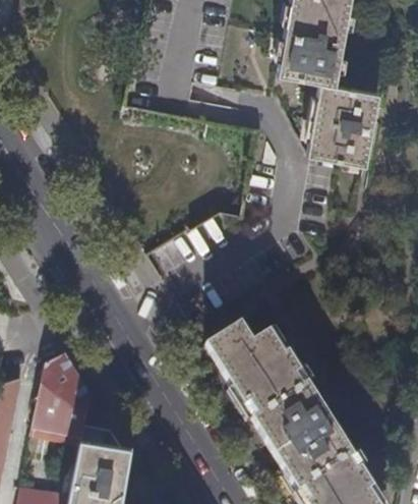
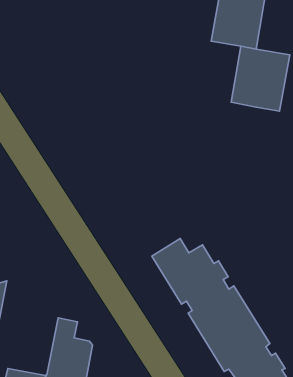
building: [33,353,89,440] -> none

